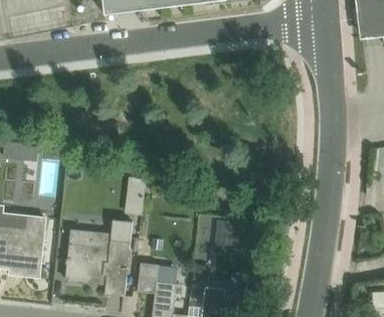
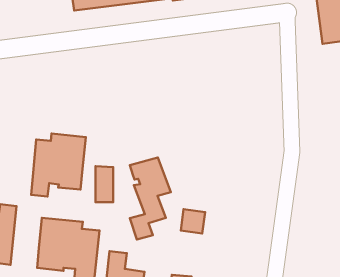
building: none -> [31,134,86,197]
building: none -> [130,157,171,239]

